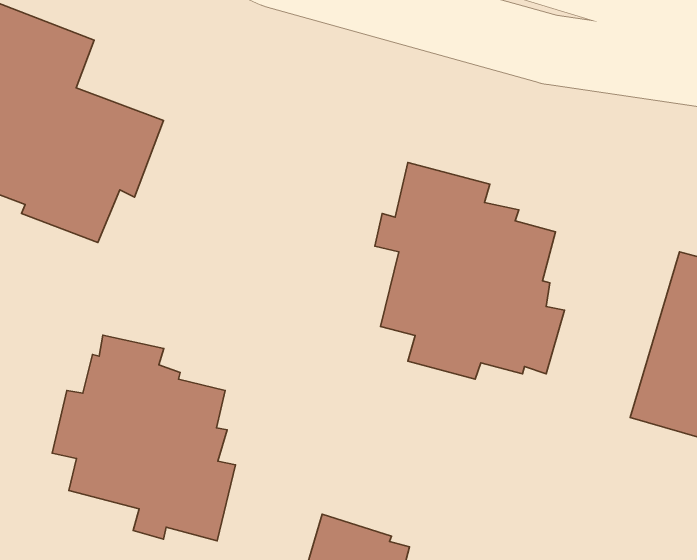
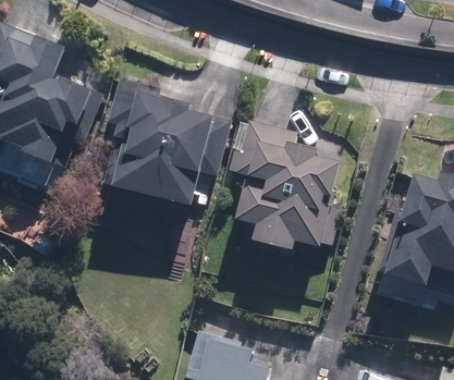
building: none -> [113,99,221,206]
building: [52,335,235,541] -> none

